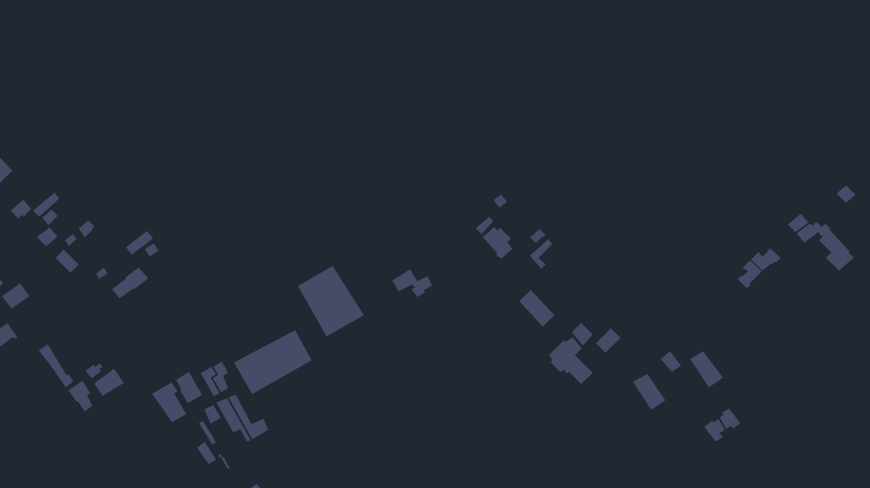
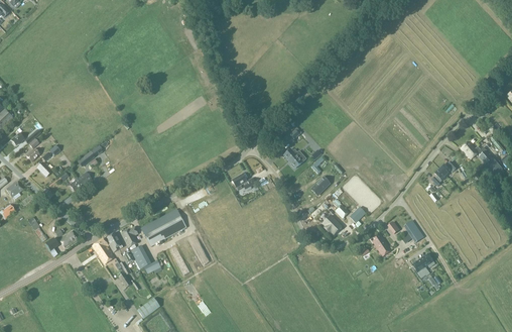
building: [297,265,365,338] -> none

